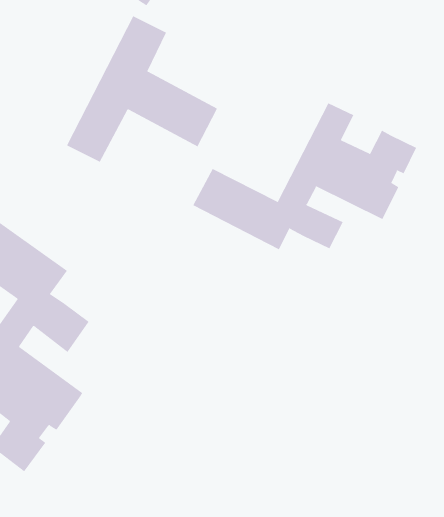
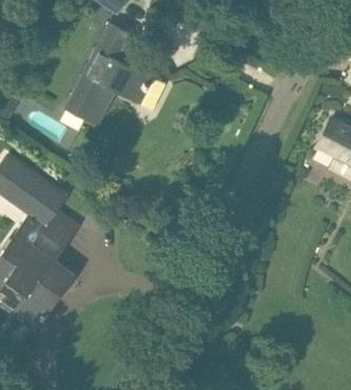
building: [192,102,417,250] -> none

